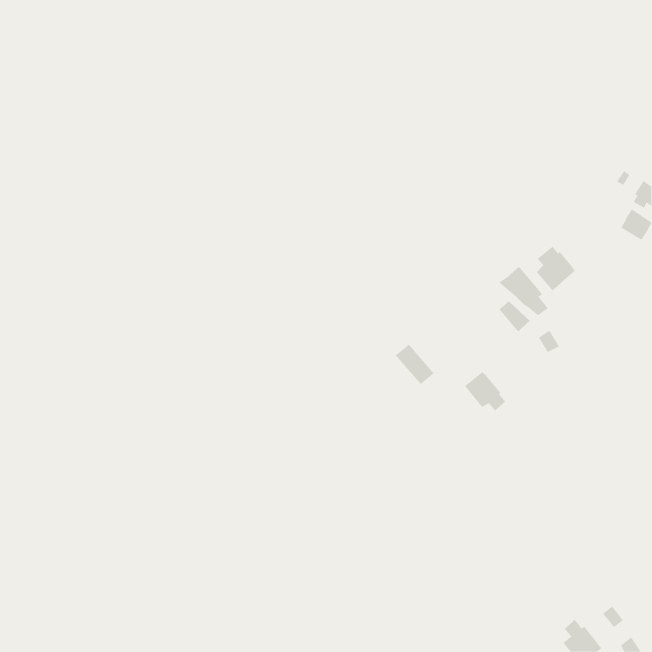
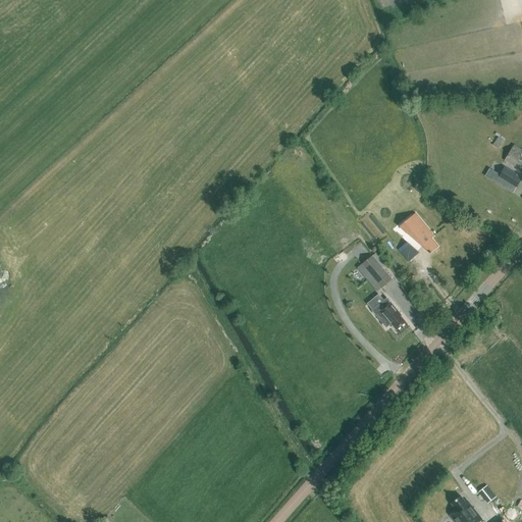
building: [536,246,576,291] -> none
building: [395,344,435,385] -> [360,255,392,288]

